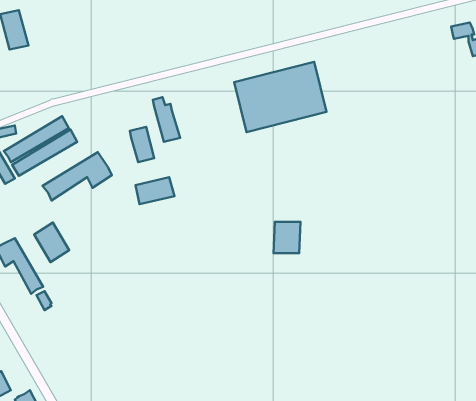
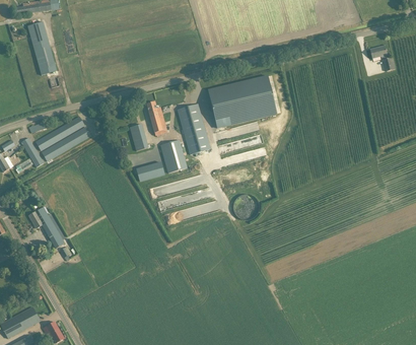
building: none -> [177,103,209,154]
building: none -> [159,139,186,172]
building: [42,152,112,200] -> none
building: [34,222,69,262] -> none

